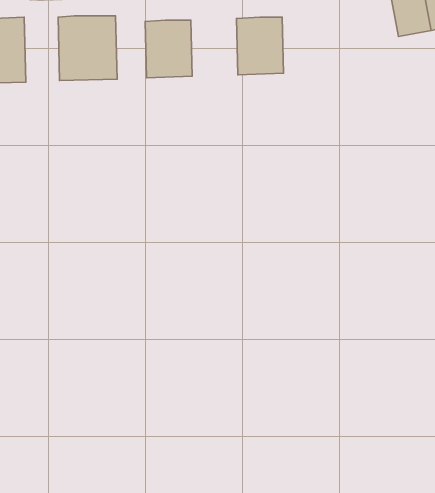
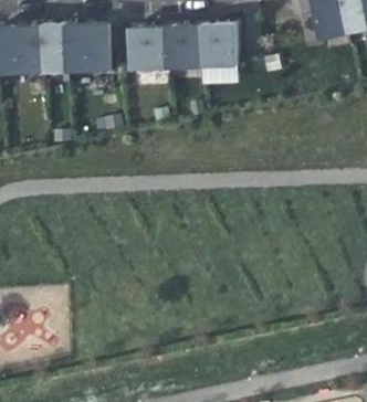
building: none -> [40,24,66,73]
building: none -> [165,25,200,68]

